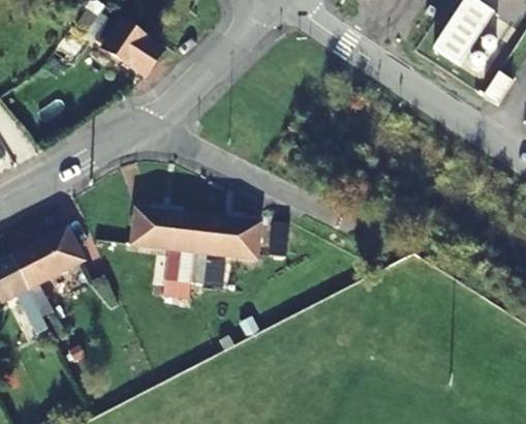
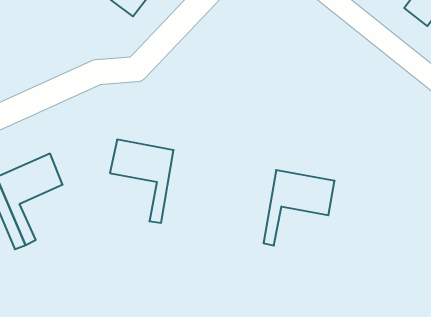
building: [190,215,261,296] -> [263,170,335,246]

